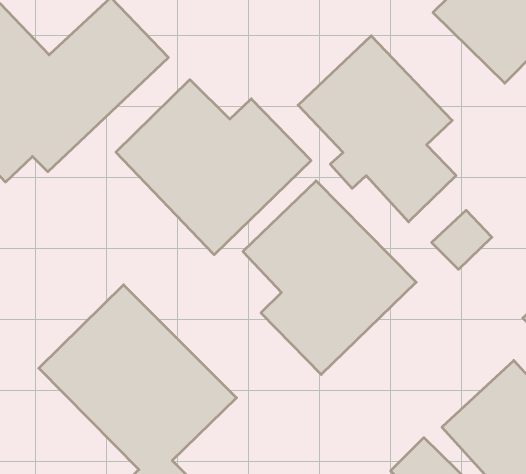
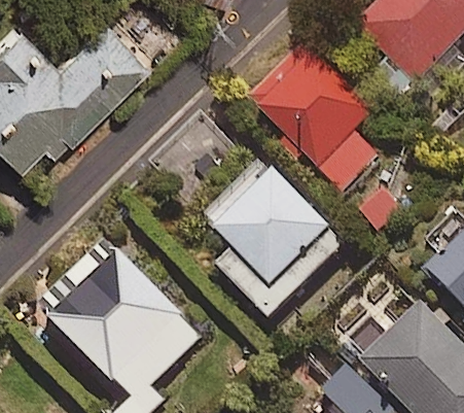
building: [116,80,311,255] -> none

